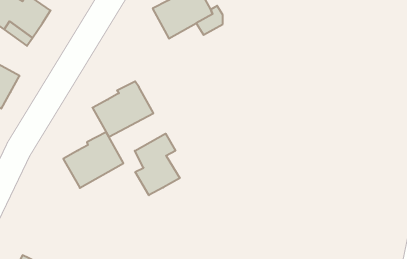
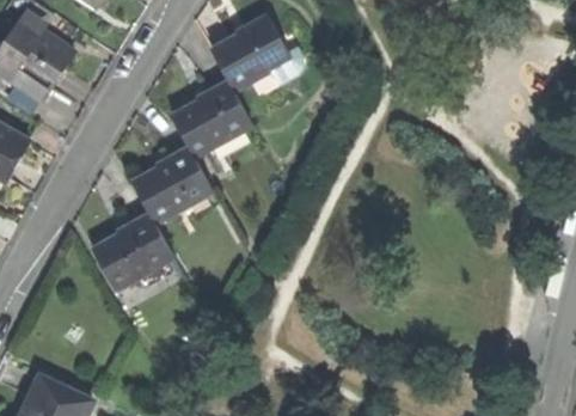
building: none -> [170,80,249,154]
building: [135,134,180,195] -> none

